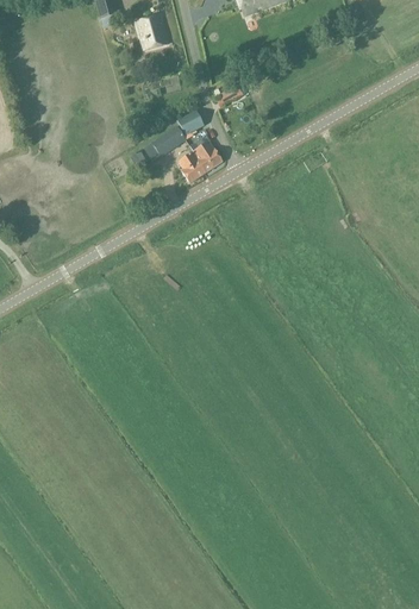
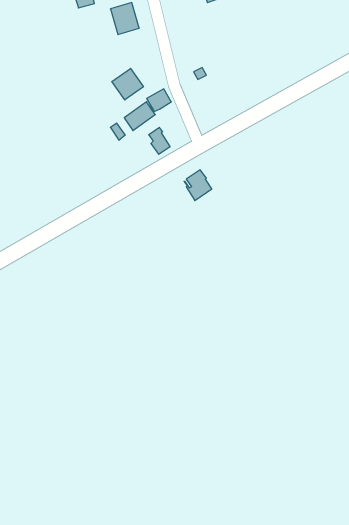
building: none -> [112,68,143,100]
building: [189,139,220,174] -> [184,170,212,201]

